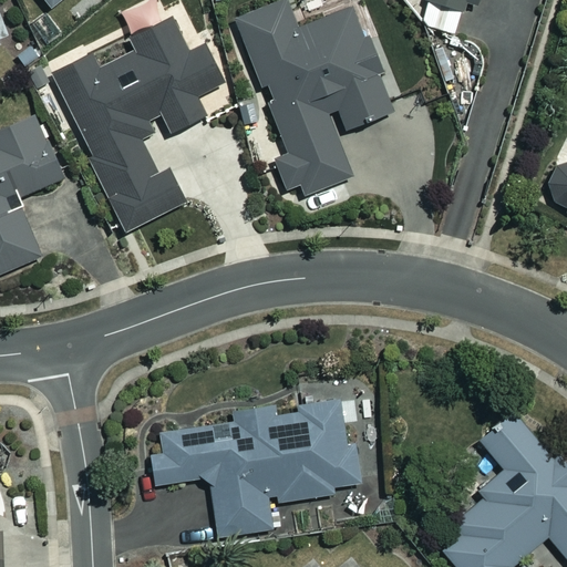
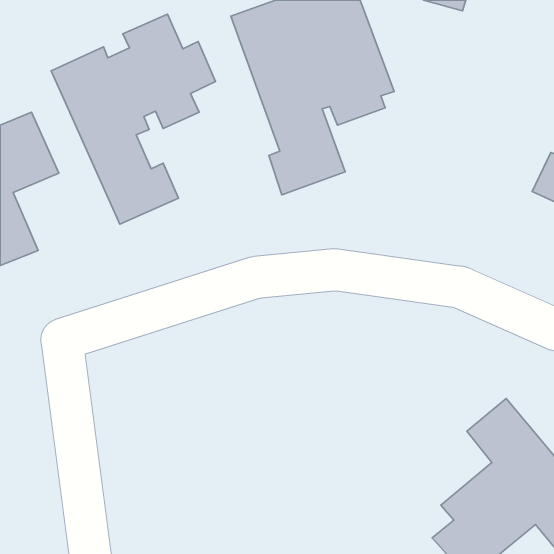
building: [147,400,360,536] -> none

